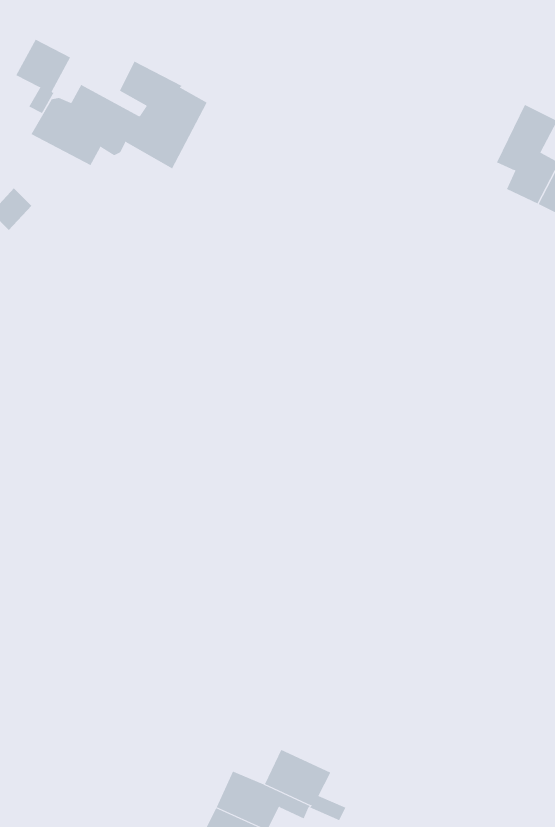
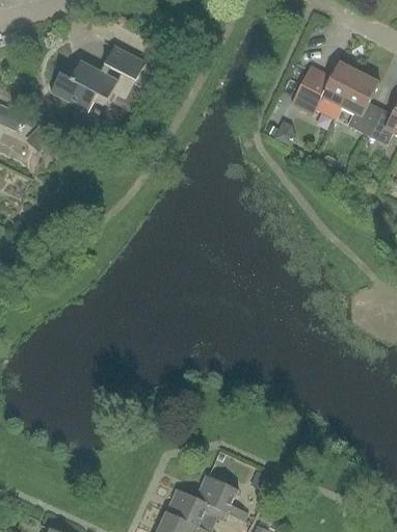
building: [16,39,71,114] -> none
building: none -> [291,61,359,118]

